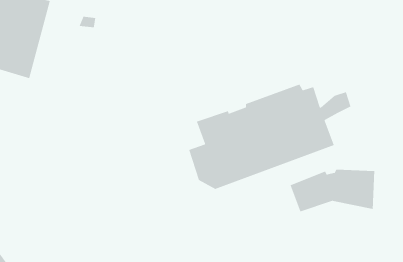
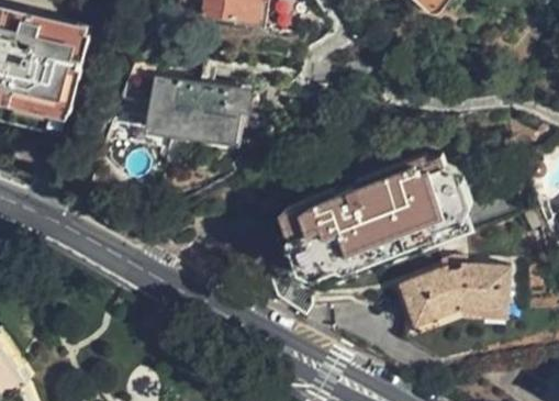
building: none -> [146,75,244,135]
building: none -> [415,304,512,331]

